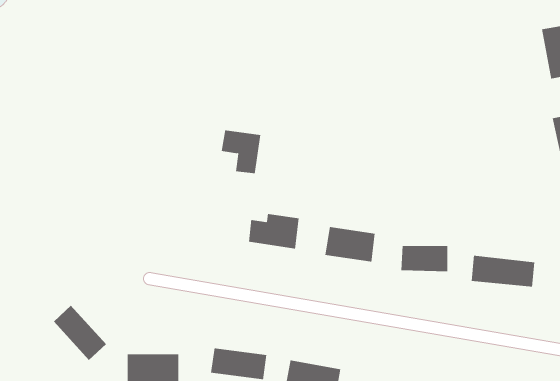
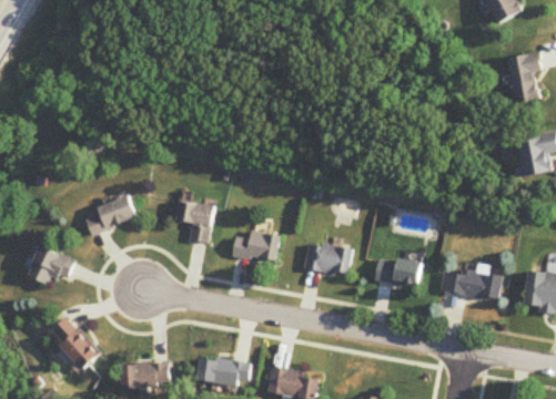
building: [221,130,261,174] -> [175,202,213,243]
building: none -> [84,195,137,236]
building: none -> [27,247,75,286]

